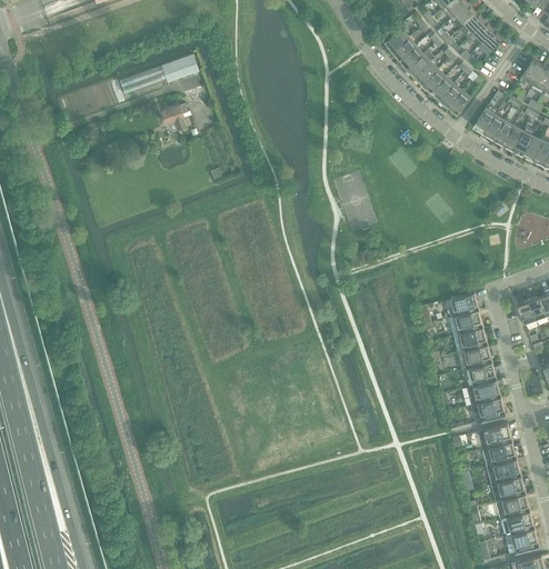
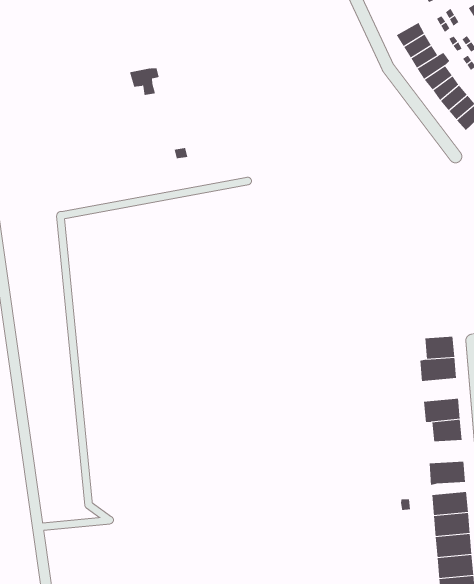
building: [118,54,198,94] -> none
building: [453,328,488,352] -> none
building: [467,380,501,405] -> none

